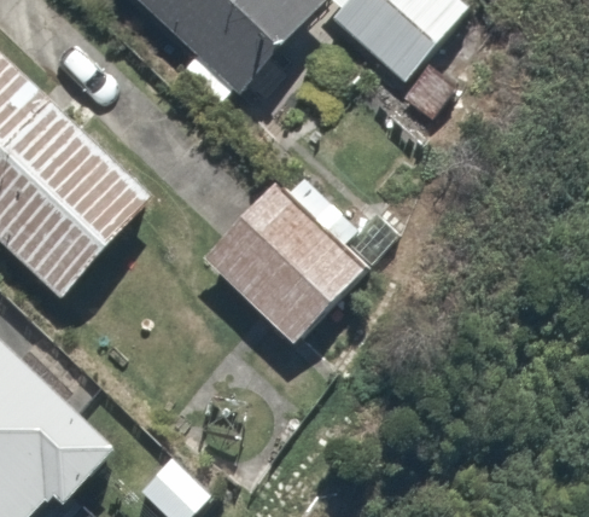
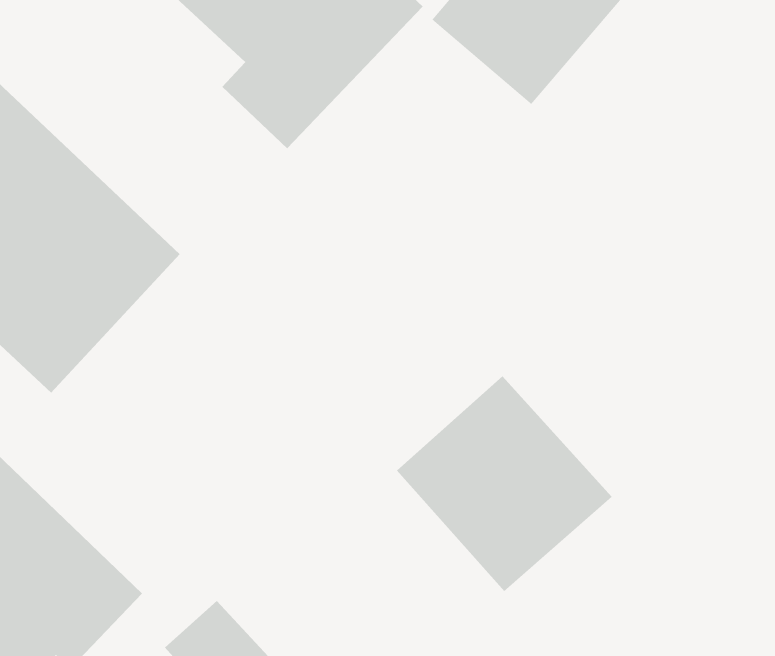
building: [206,185,366,344] -> [396,375,612,592]

